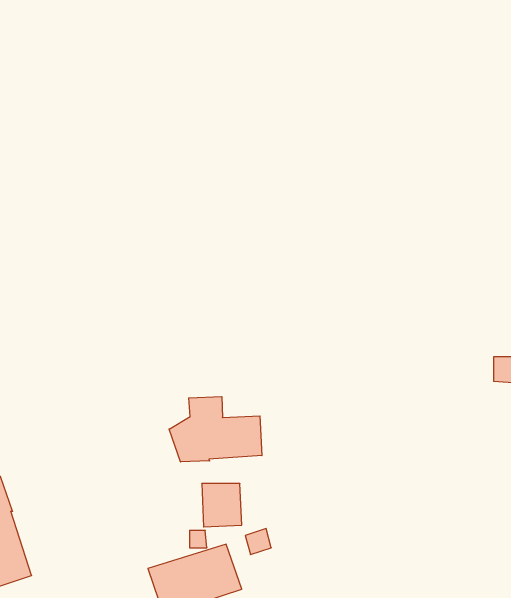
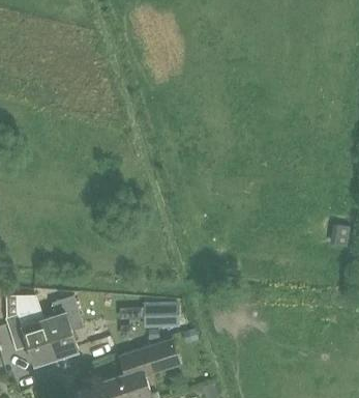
building: [169,397,262,462] -> none
building: none -> [41,297,80,359]

